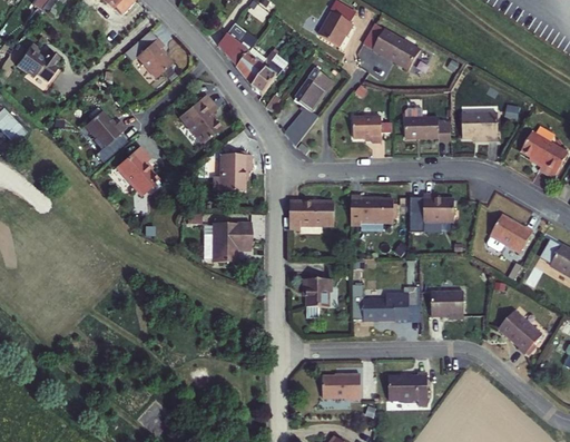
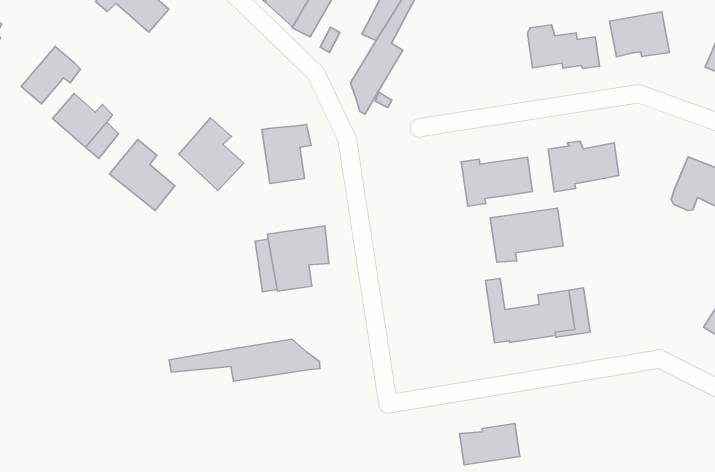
building: none -> [21,46,81,104]
building: [178,94,220,143] -> [179,118,244,190]
building: [354,117,383,144] -> none
building: [288,197,334,228] -> [490,208,563,262]
building: [304,277,333,315] -> none
building: [432,287,464,314] -> none
building: none -> [169,339,320,381]
building: [387,372,428,404] -> none

